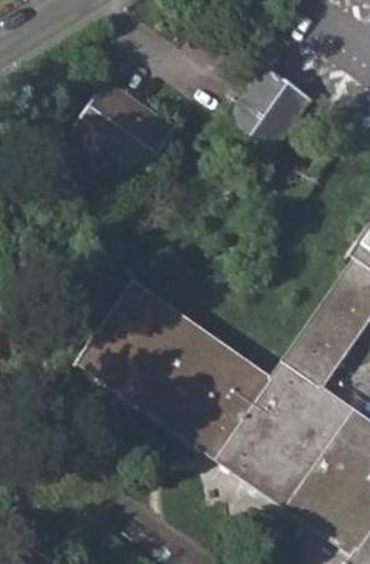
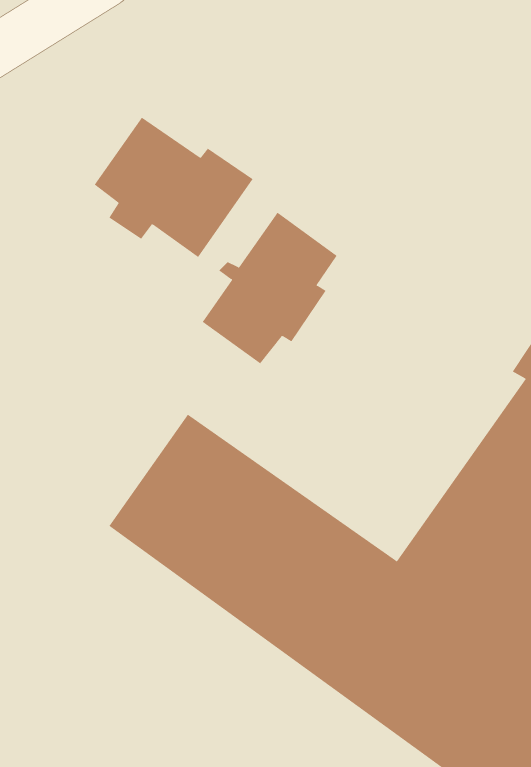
building: [216,67,305,168] -> [202,212,338,364]

